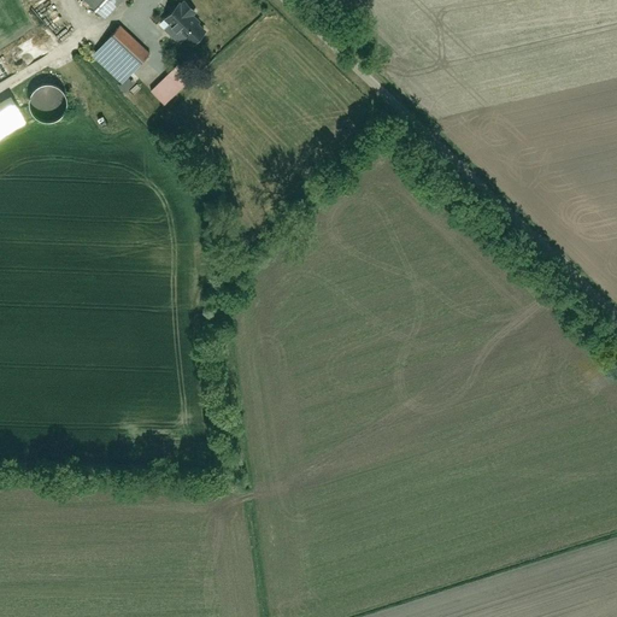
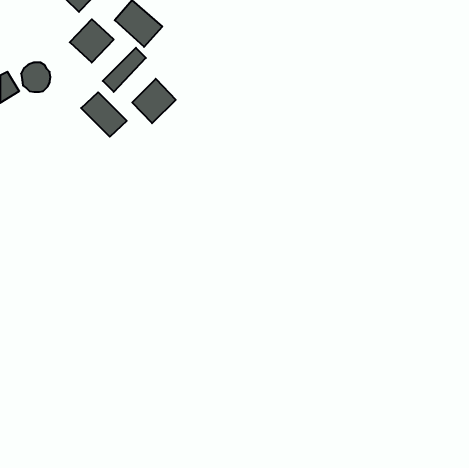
building: none -> [132,79,176,123]
building: none -> [81,92,127,137]

